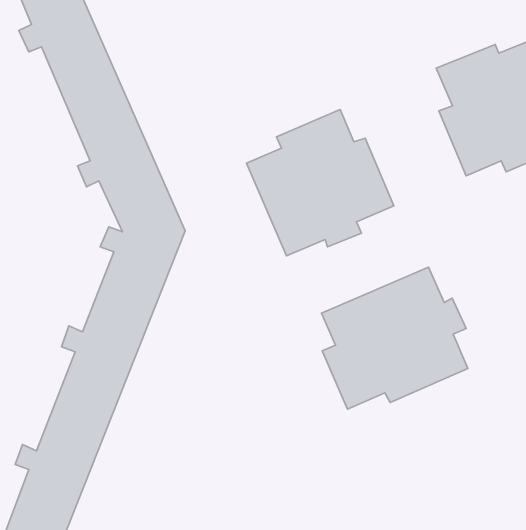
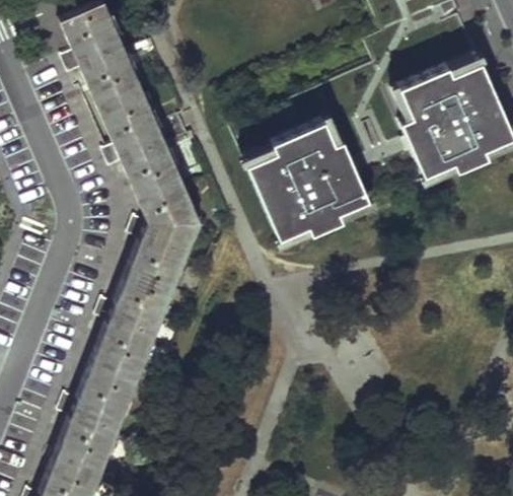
building: [321,267,468,409] -> none

